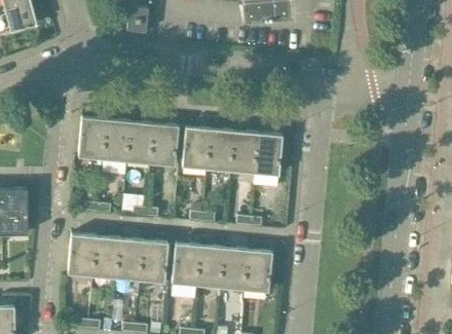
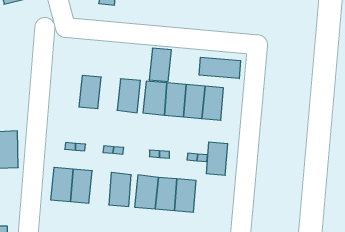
building: none -> [199,57,241,79]
building: [79,118,108,159] -> none
building: [127,122,155,163] -> [149,48,171,81]
building: [116,238,144,281] -> none
building: [246,251,272,292] -> [206,142,228,175]

